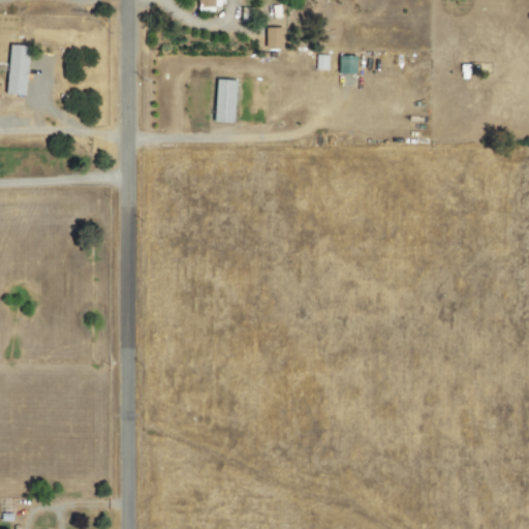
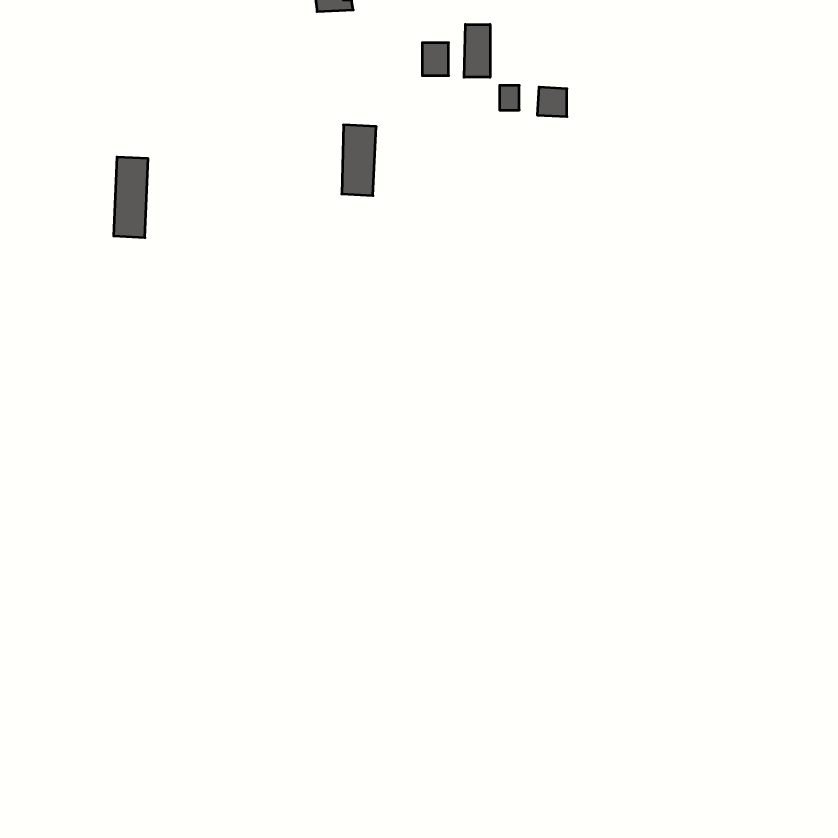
building: none -> [464,24,490,77]
building: [8,44,30,95] -> [114,157,148,238]

